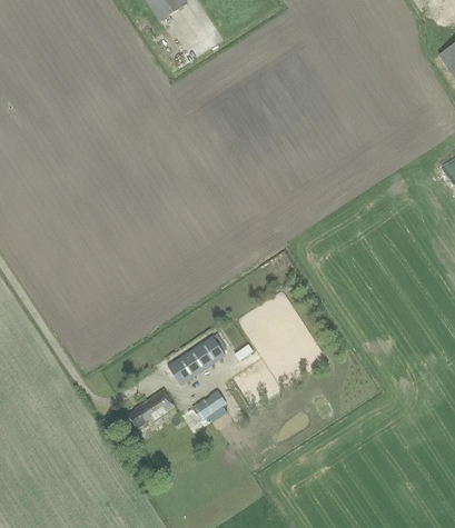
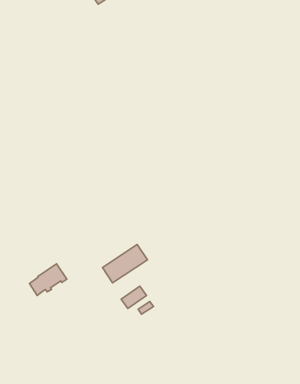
building: [128,387,177,428] -> [29,264,67,295]

